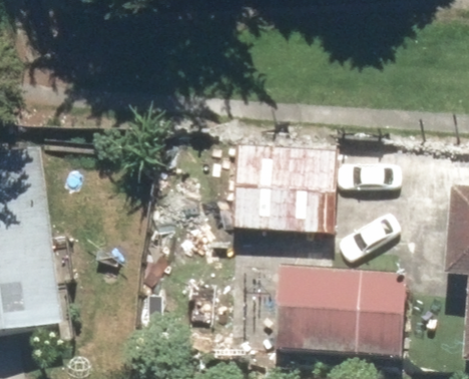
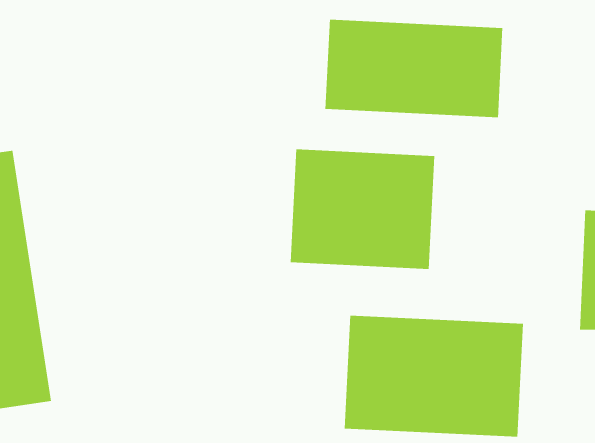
building: none -> [325,19,503,118]

